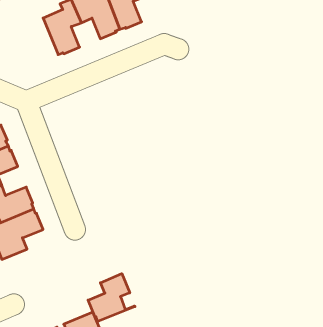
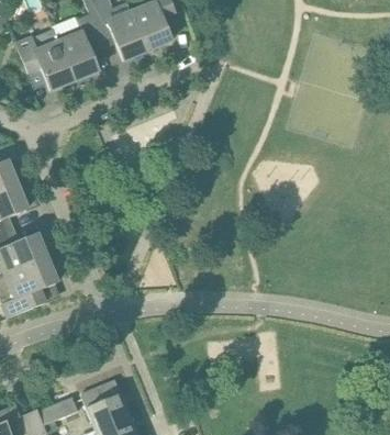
building: none -> [15,27,74,90]
building: [88,274,135,322] -> none

